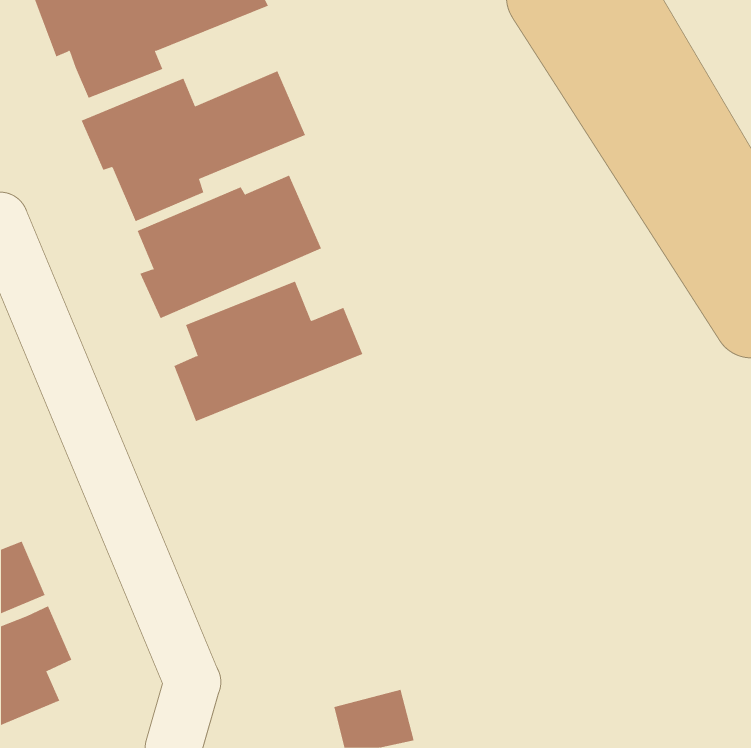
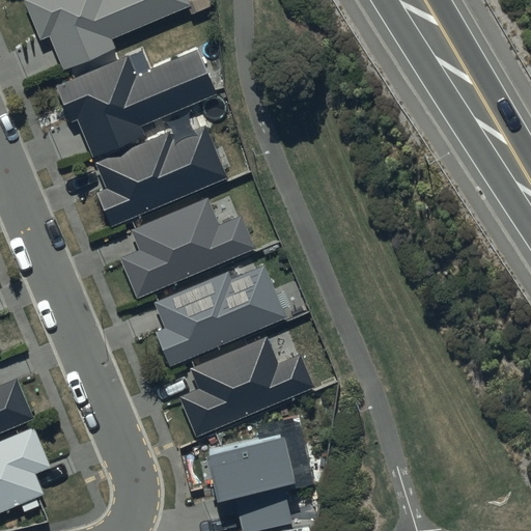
building: none -> [153,267,287,366]
building: none -> [178,336,315,438]
building: none -> [207,440,297,504]

